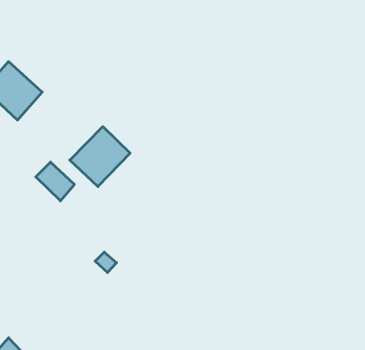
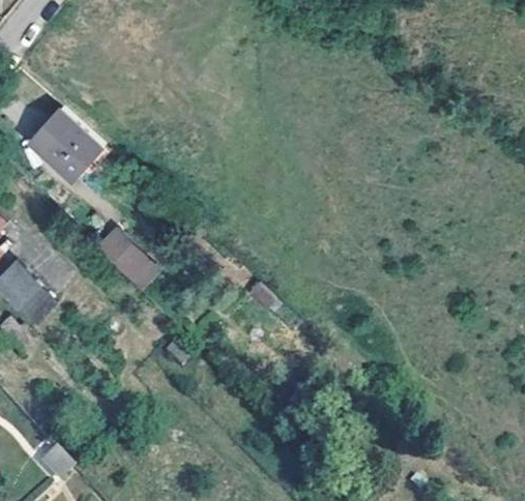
building: [70,127,130,187] -> none

